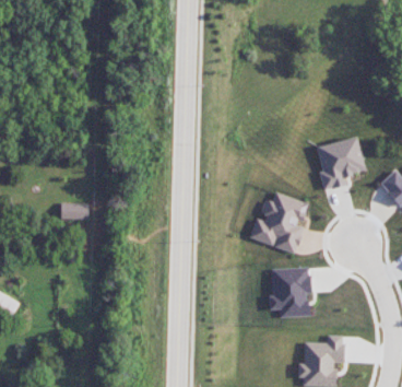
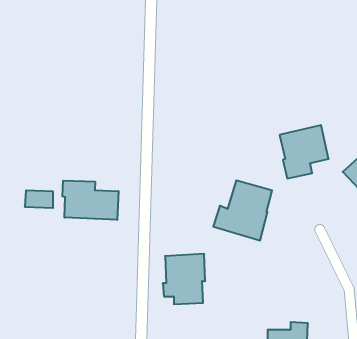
building: none -> [62,181,118,220]
building: [268,267,310,317] -> [163,254,205,304]

